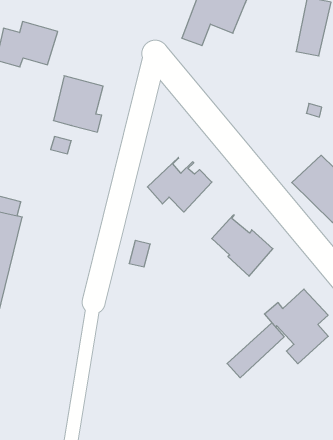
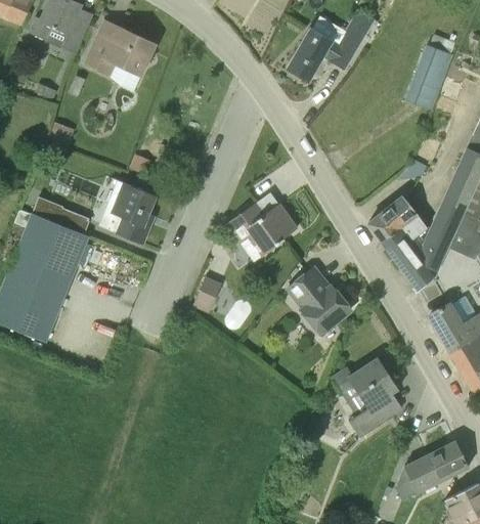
building: [53,76,103,132] -> [98,179,157,245]
building: none -> [368,198,418,242]
building: [227,323,284,378] -> none

